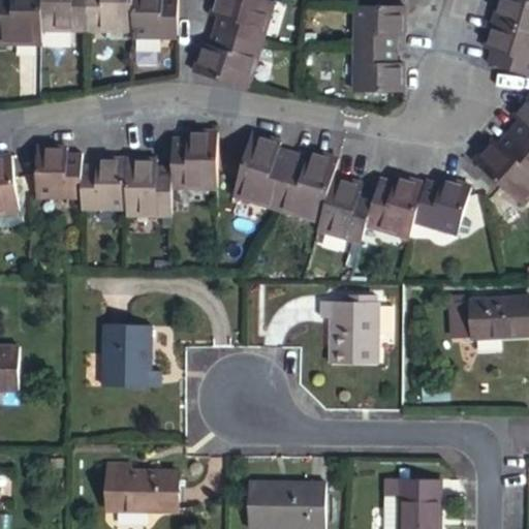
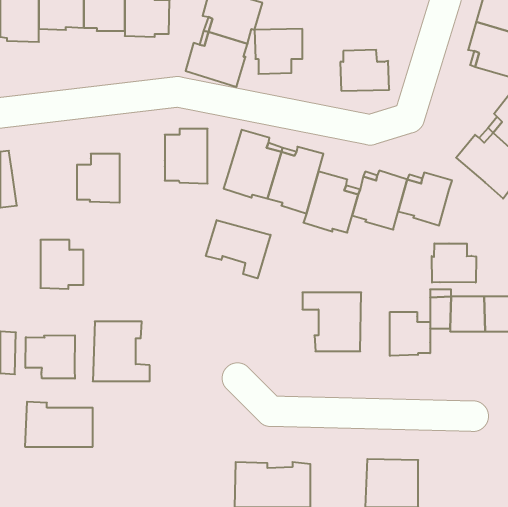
building: [353,6,403,53] -> [254,29,302,74]
building: [37,148,82,198] -> [40,240,83,289]
building: [126,159,173,216] -> none
building: none -> [206,220,271,278]
building: none -> [432,243,476,283]
building: none -> [390,312,430,356]
building: none -> [26,335,75,379]
building: [105,465,176,511] -> [25,402,93,447]

